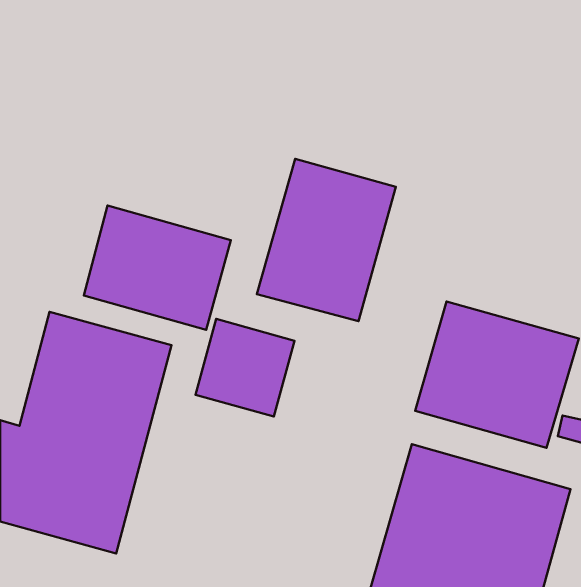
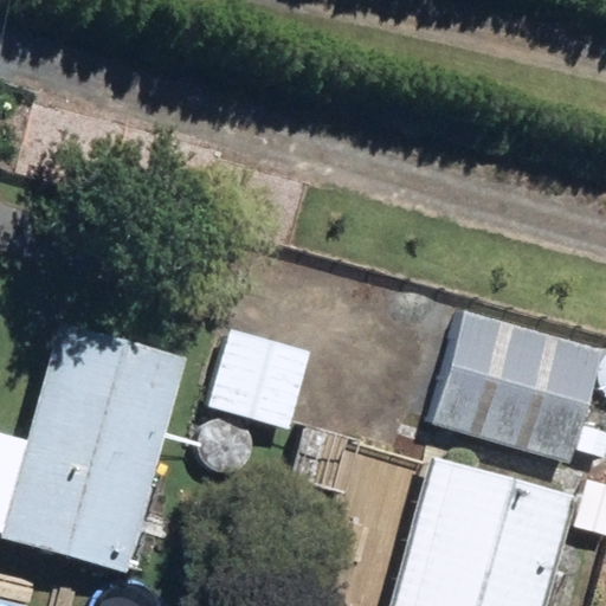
building: [257,159,396,321] -> none
building: [84,205,231,330] -> none

